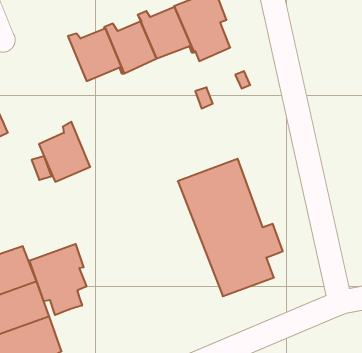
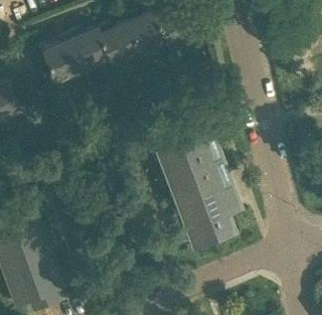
building: [39,122,90,182] -> [41,35,83,84]
building: [29,244,86,315] -> none

